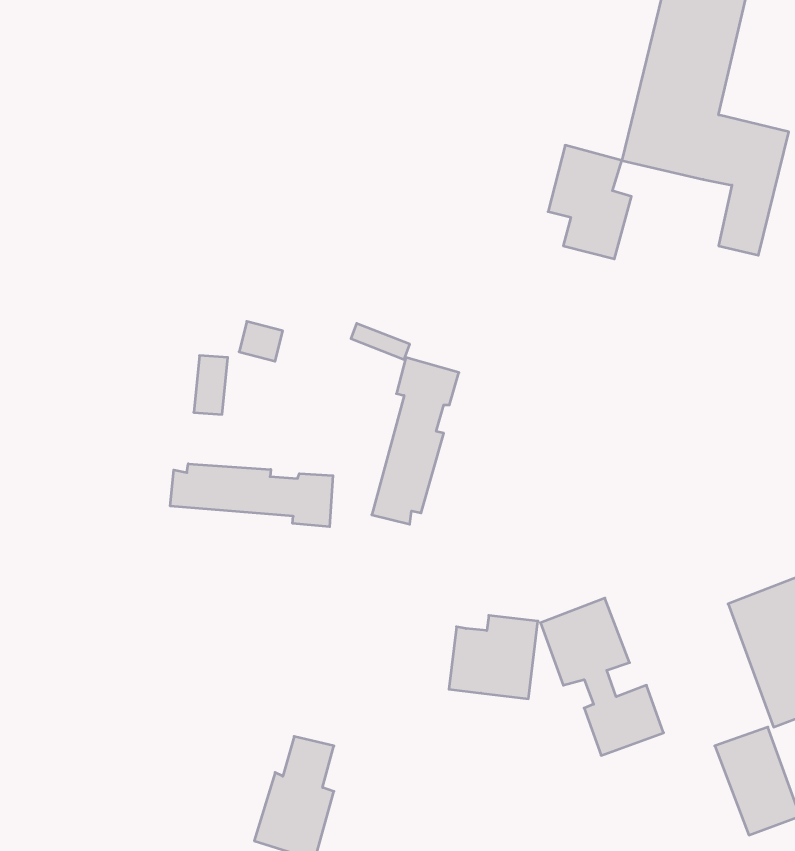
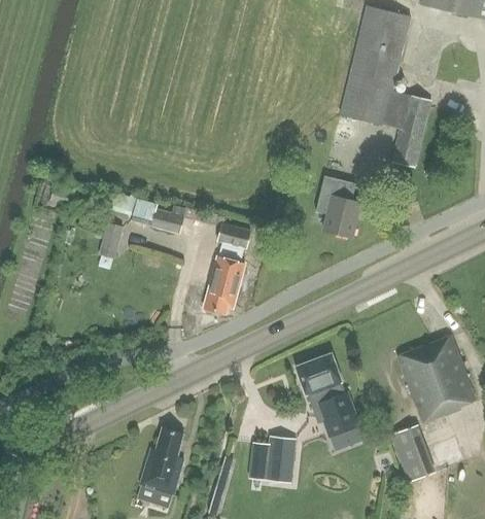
building: [548,145,631,259] -> [315,175,360,237]
building: none -> [150,208,183,234]
building: [170,464,333,527] -> none
building: [449,615,538,699] -> [247,438,296,483]

